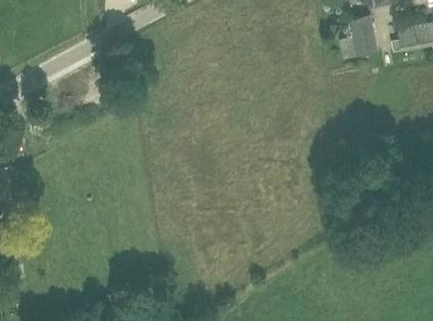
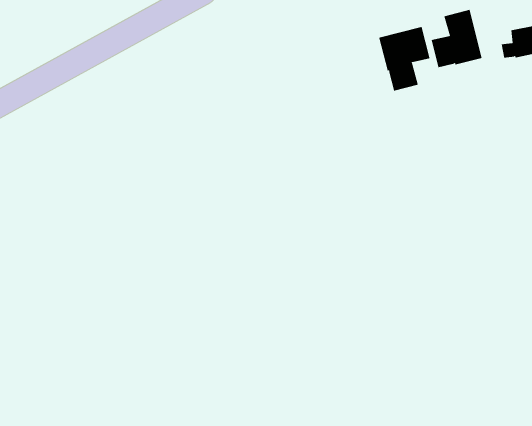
building: none -> [378,26,430,92]

